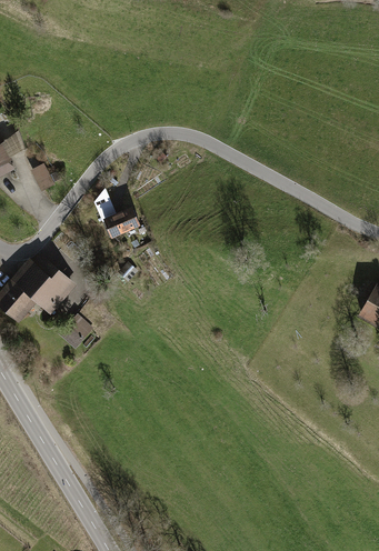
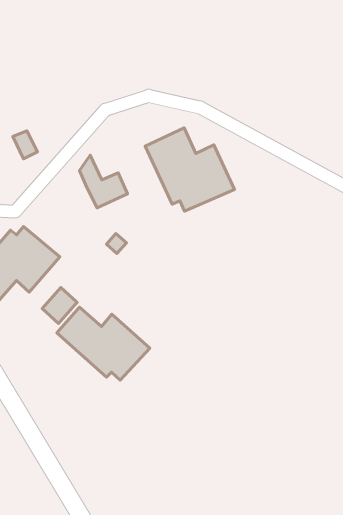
building: none -> [145,128,234,211]
building: none -> [57,307,150,380]

